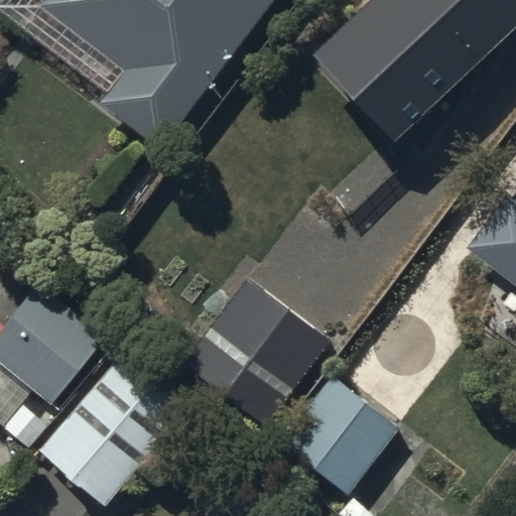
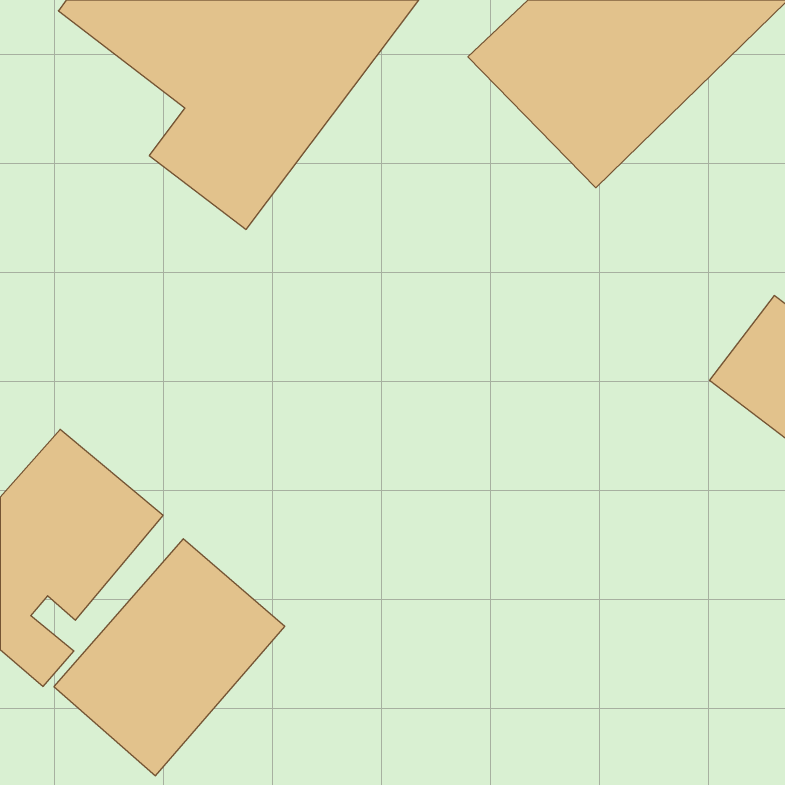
building: [180,271,327,415] -> none
building: [278,374,400,497] -> none

